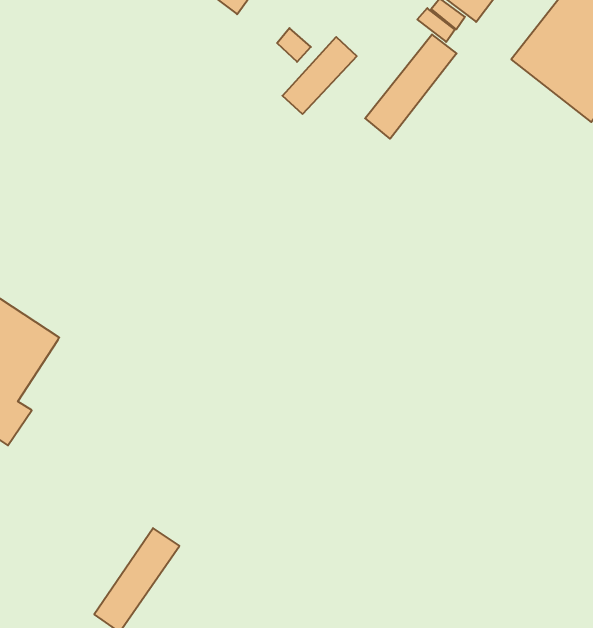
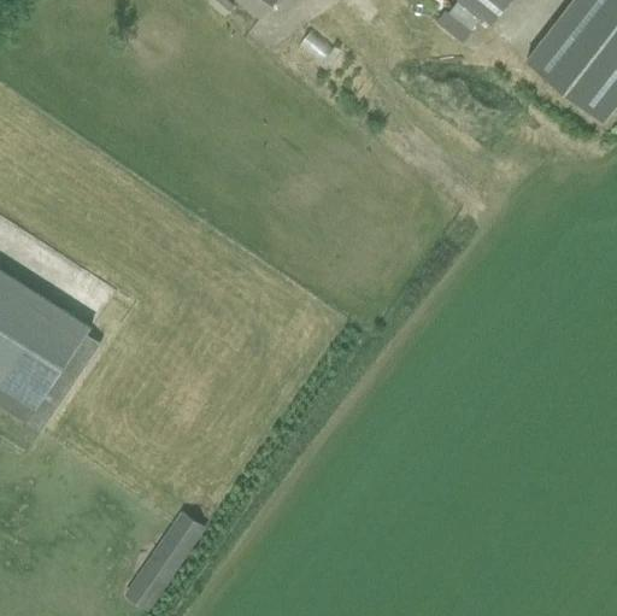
building: [365,34,457,139] -> none
building: [282,37,357,114] -> none

